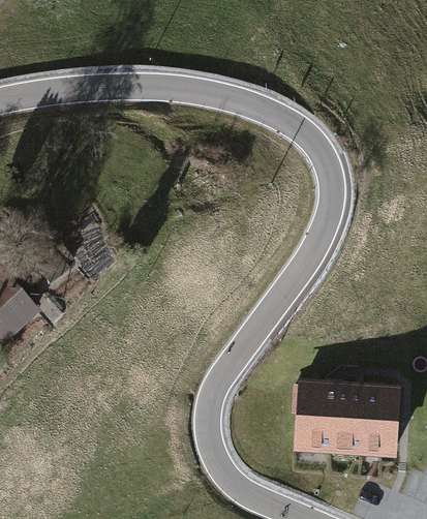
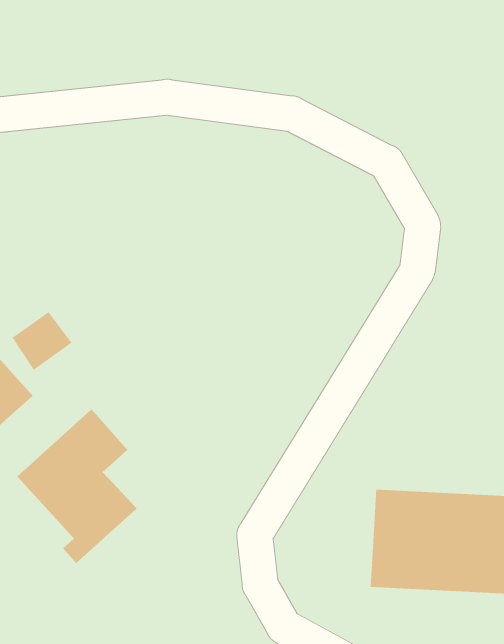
building: none -> [16,409,137,564]

